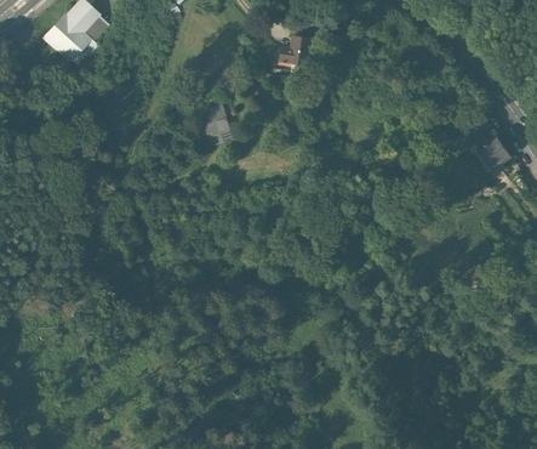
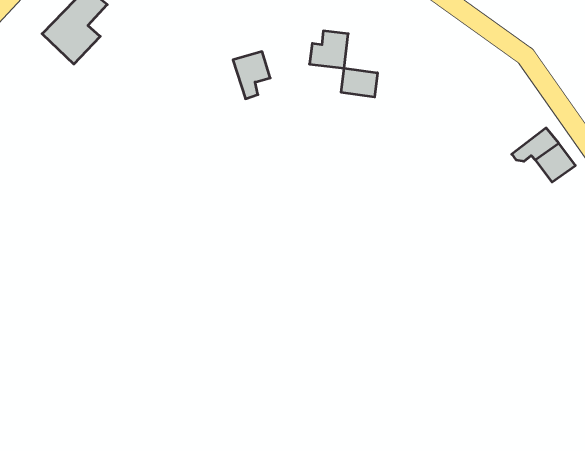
building: none -> [341,68,377,97]
building: [201,106,234,147] -> [233,52,270,99]

